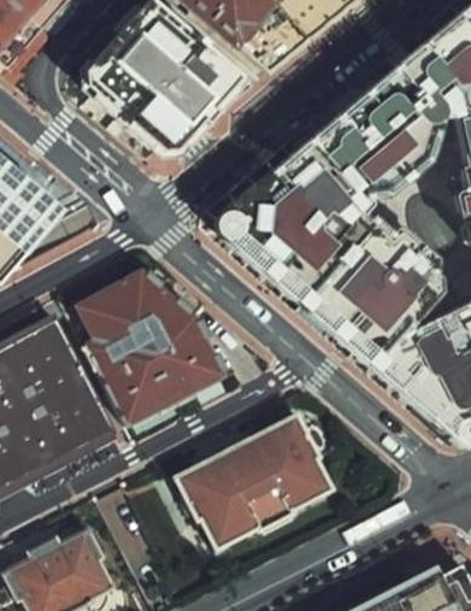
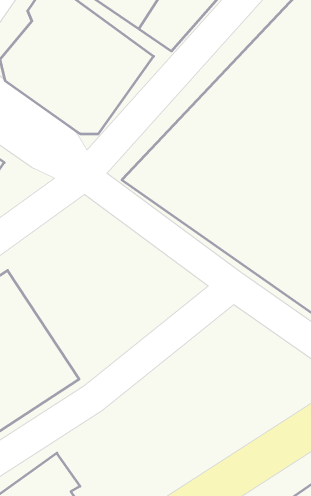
building: [81,266,236,430] -> none
building: [171,405,341,553] -> none

